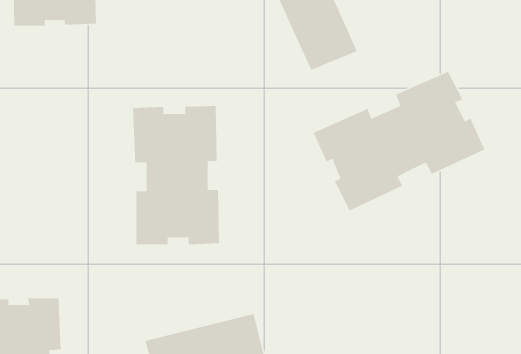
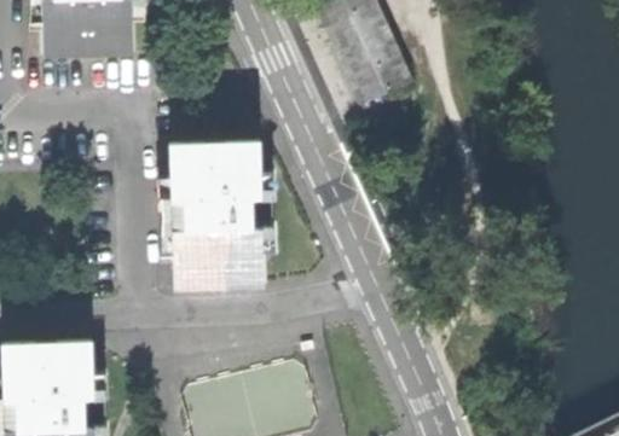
building: [312,71,485,212] -> none

